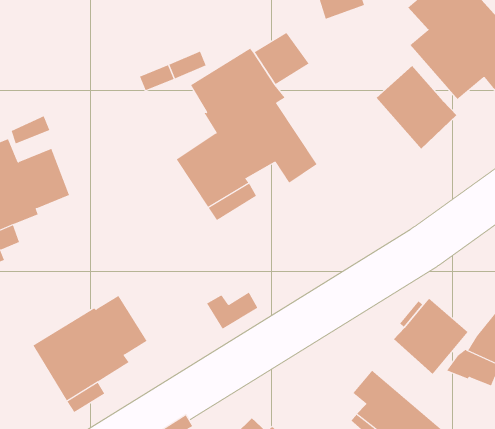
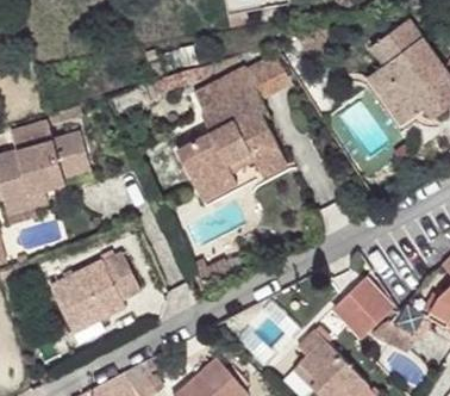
building: [376,65,457,150] -> none

